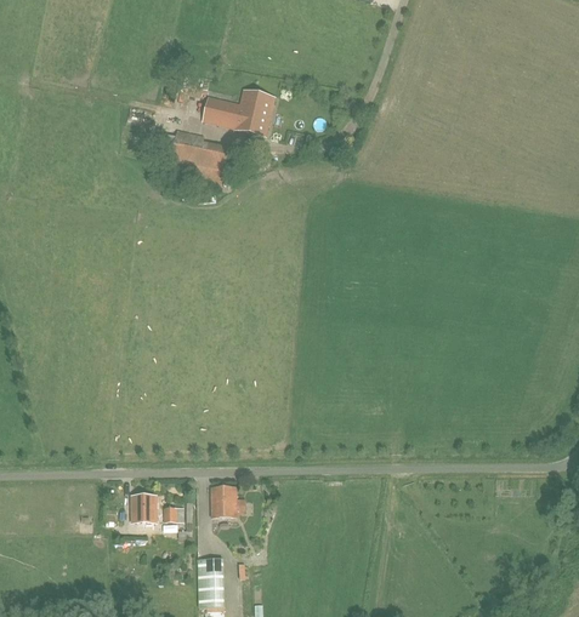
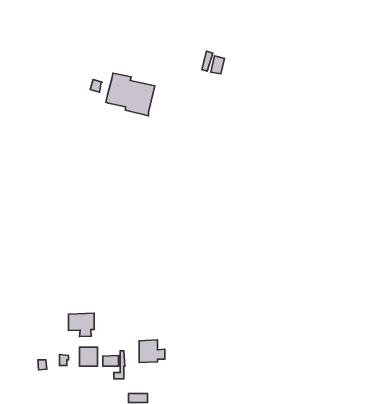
building: [204,90,274,135] -> none
building: none -> [68,313,94,337]

